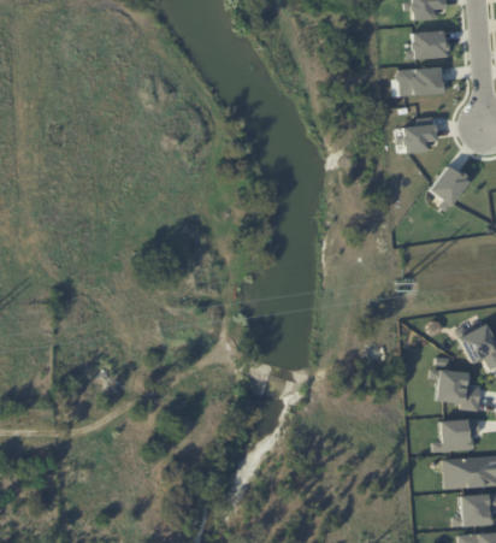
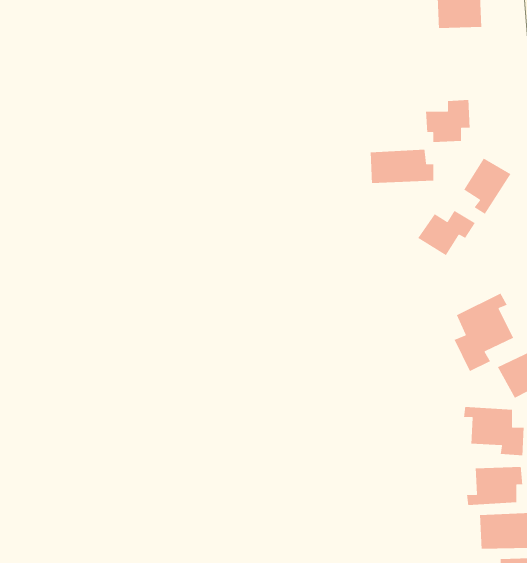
building: [395,67,448,96] -> [370,149,434,184]
building: none -> [417,210,476,256]
building: none -> [454,292,514,372]

